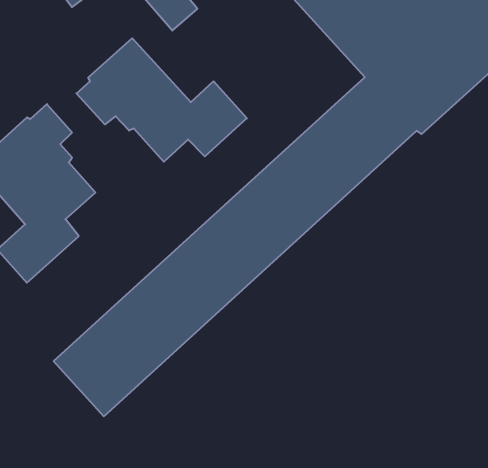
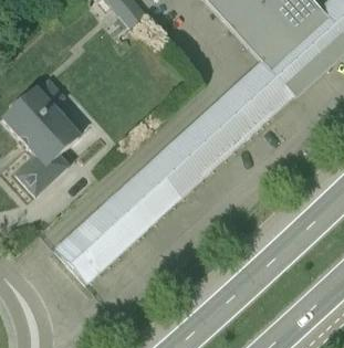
building: [76,38,247,162] -> none

